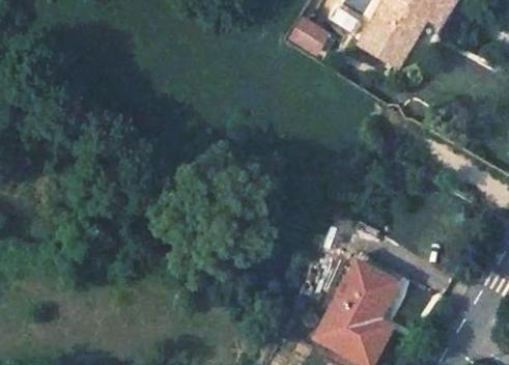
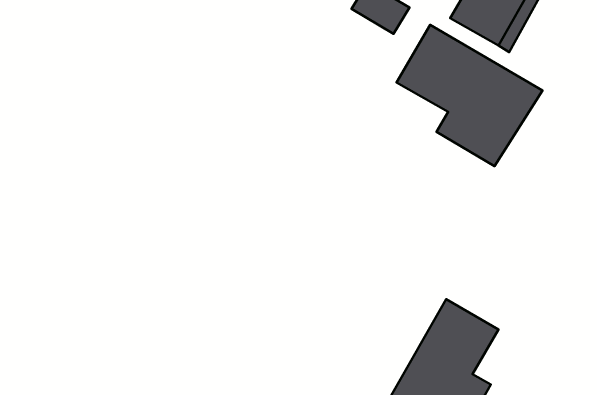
building: none -> [397,25,542,166]

